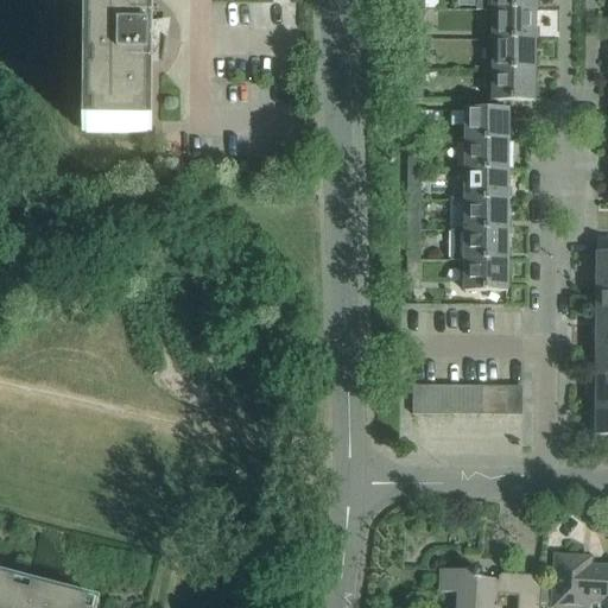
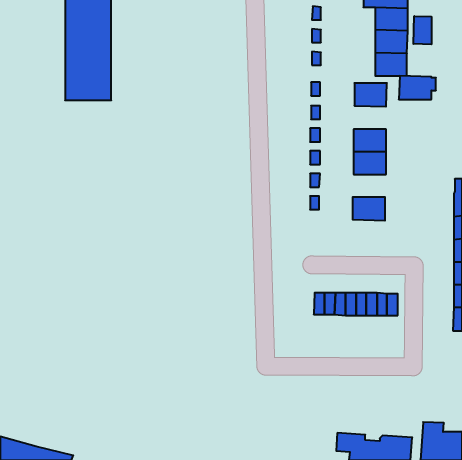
building: none -> [413,16,431,44]
building: [464,139,513,170] -> [399,76,436,99]
building: [451,229,507,259] -> none

